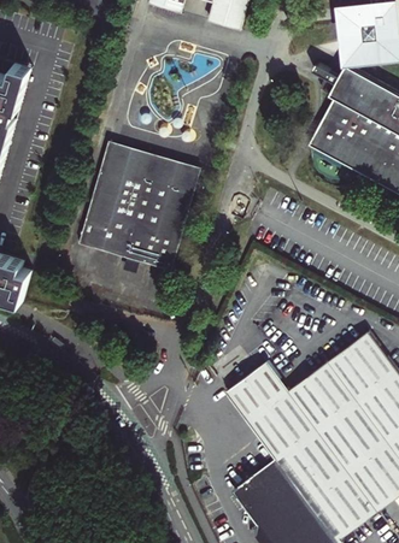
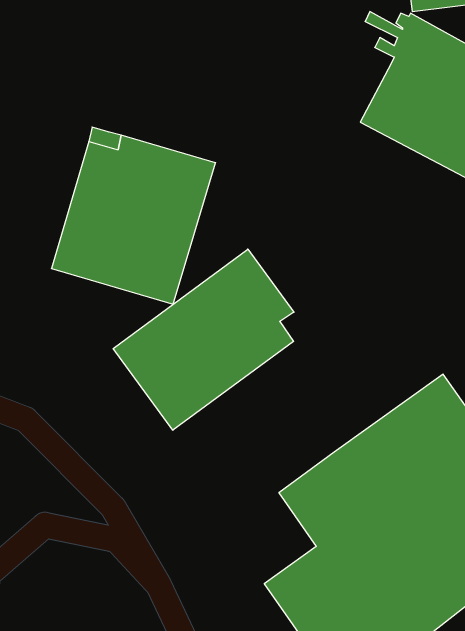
building: none -> [113,249,294,430]
building: [225,360,287,418] -> none

